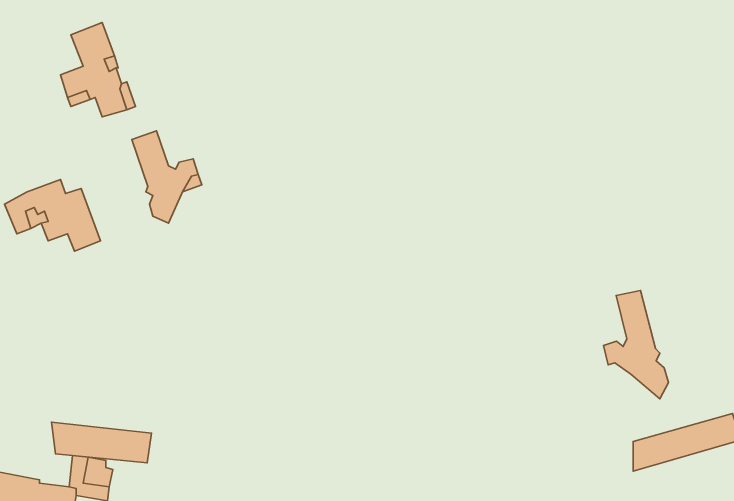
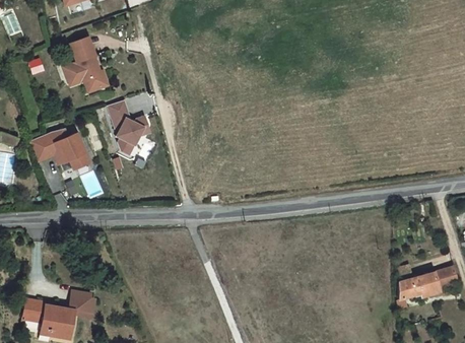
building: [603,290,668,399] -> none
building: [52,422,152,463] -> none

